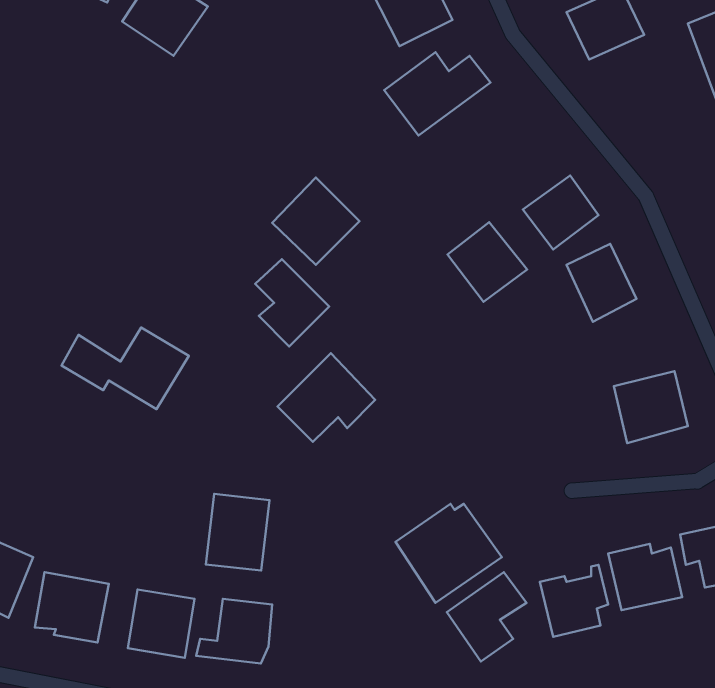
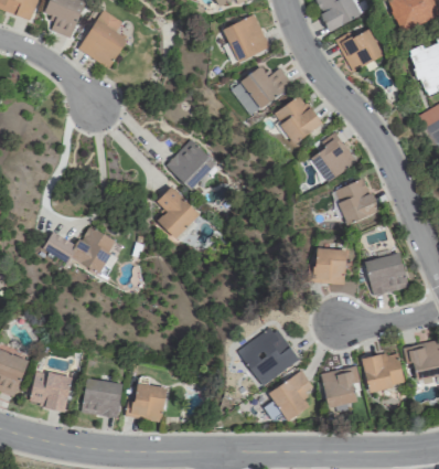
building: [447,222,527,302] -> [275,95,321,141]
building: [278,353,375,442] -> none
building: none -> [313,246,346,284]
building: [206,494,270,570] -> none

